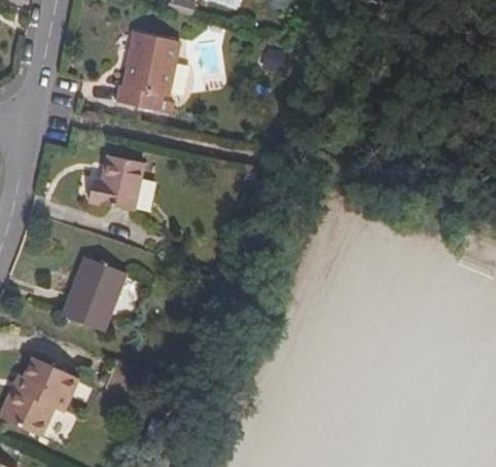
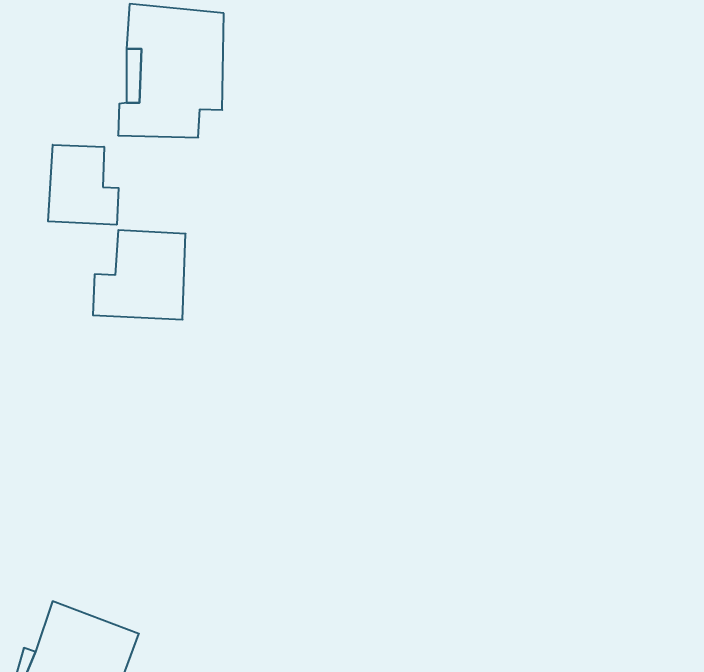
building: none -> [48,145,119,225]
building: [61,253,128,332] -> none

